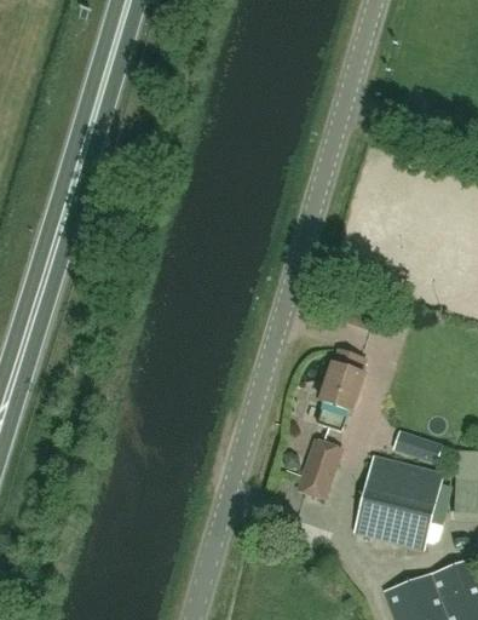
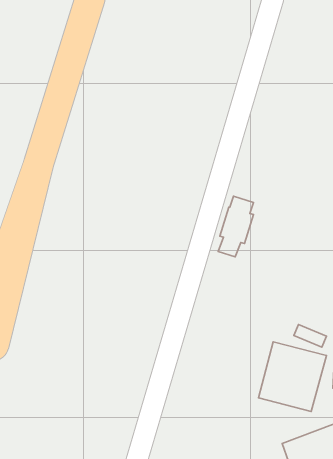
building: [316,350,363,431] -> [218,196,253,257]
building: [296,441,340,500] -> none

